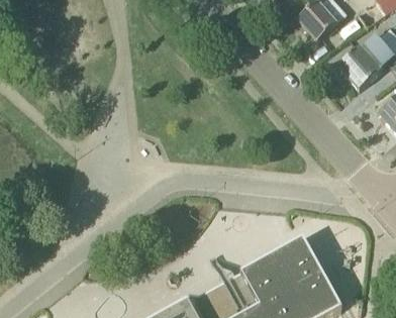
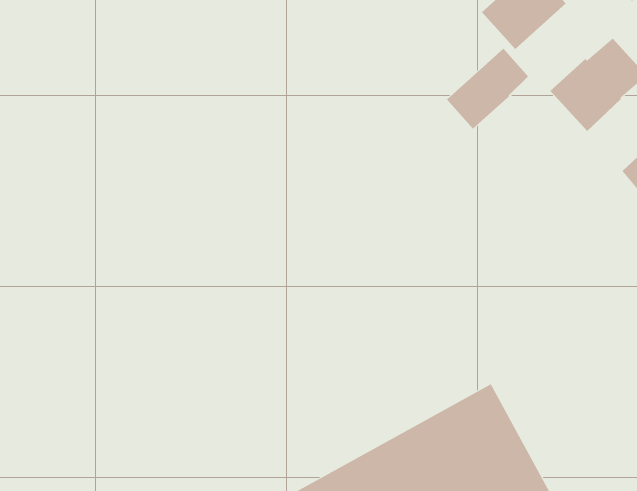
building: none -> [446,48,529,130]

